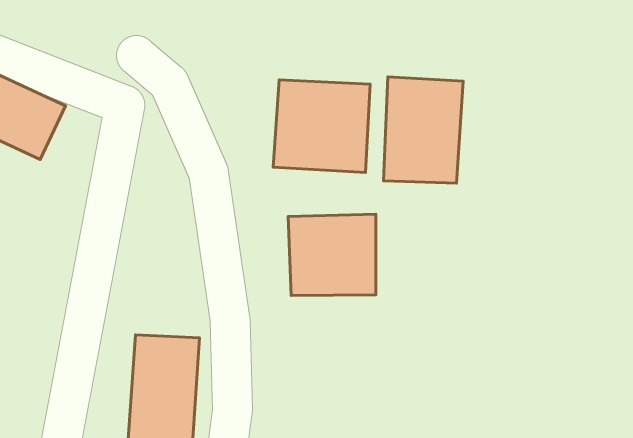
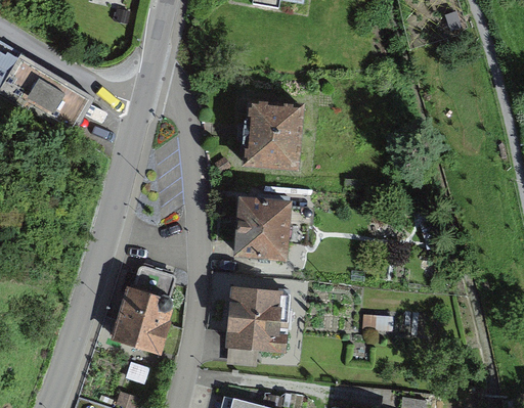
building: [383,77,463,183] -> none
building: none -> [222,284,300,351]

